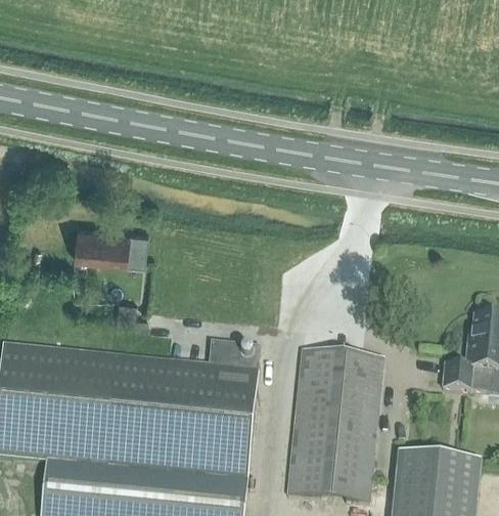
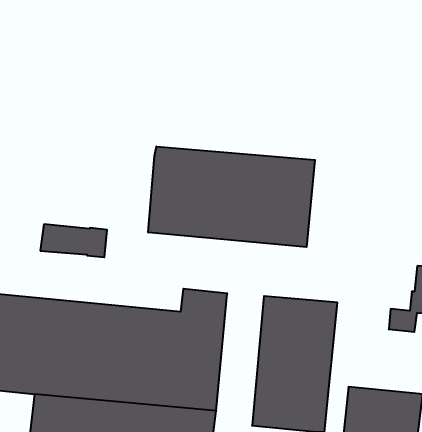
building: none -> [148,146,315,247]
building: [75,230,149,267] -> [40,224,107,257]

